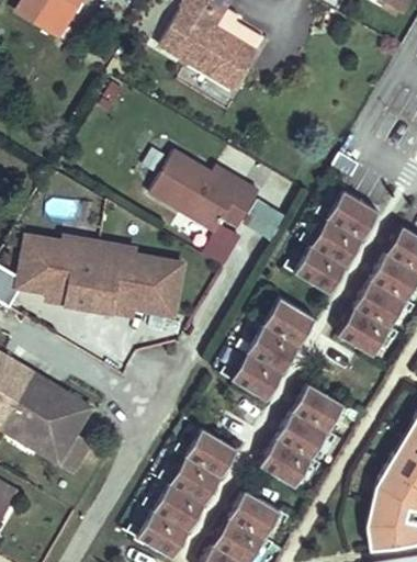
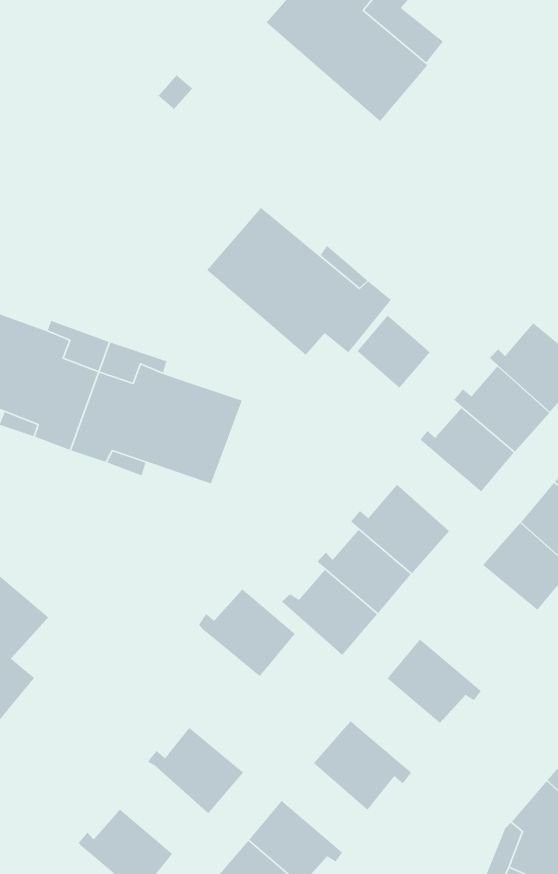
building: [277,411,334,459] -> none
building: [180,429,237,479] -> [198,588,296,677]
building: [147,484,204,532] -> none

